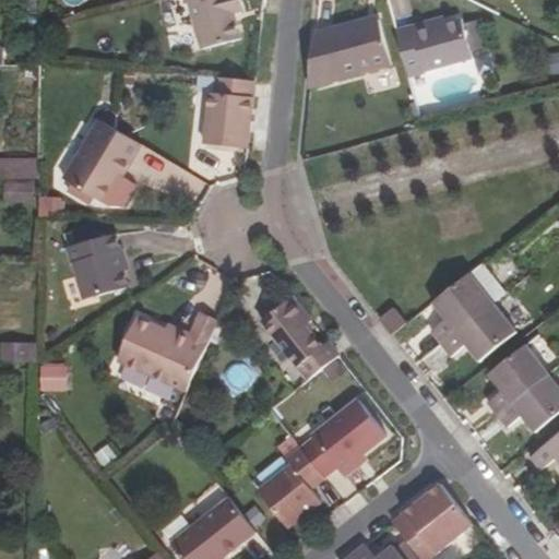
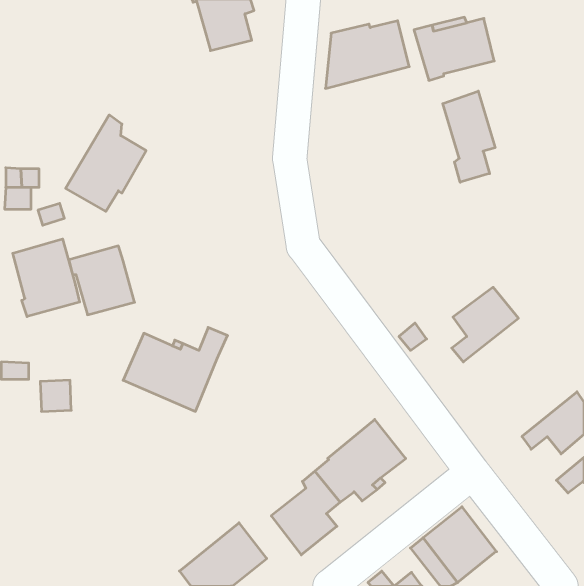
building: [202,75,252,148] -> none
building: none -> [443,91,495,182]
building: none -> [13,239,80,317]
building: [261,297,336,379] -> none
building: [440,302,514,360] -> none
building: [486,344,548,415] -> none

